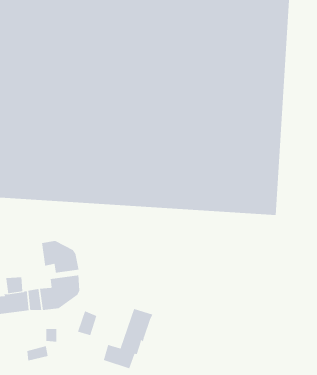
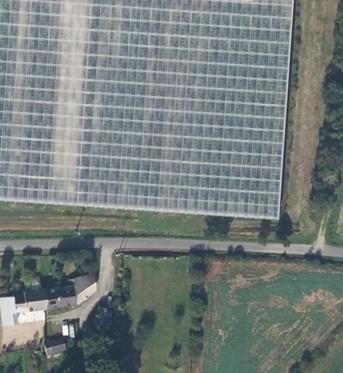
building: [42,240,79,274] -> none
building: [103,308,153,369] -> none

